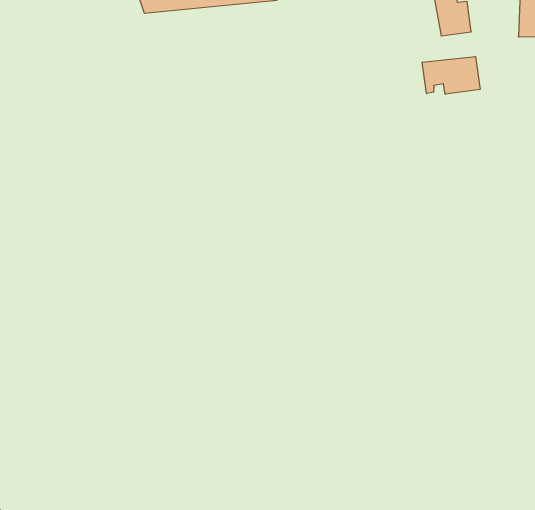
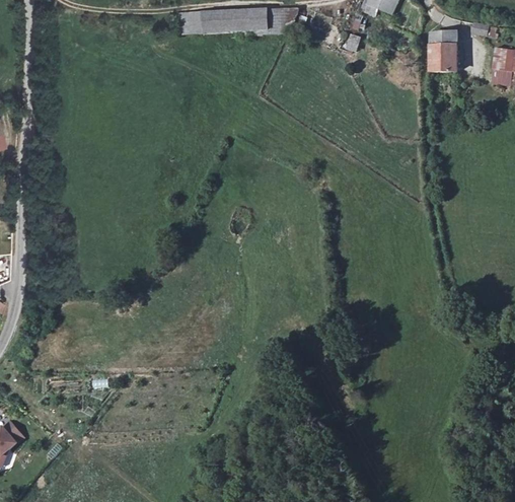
building: [422,56,480,94] -> none

